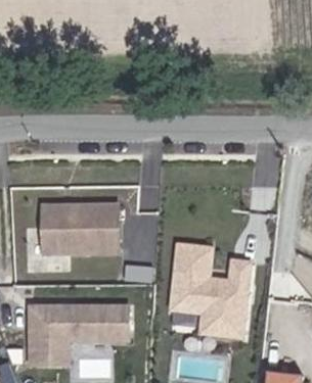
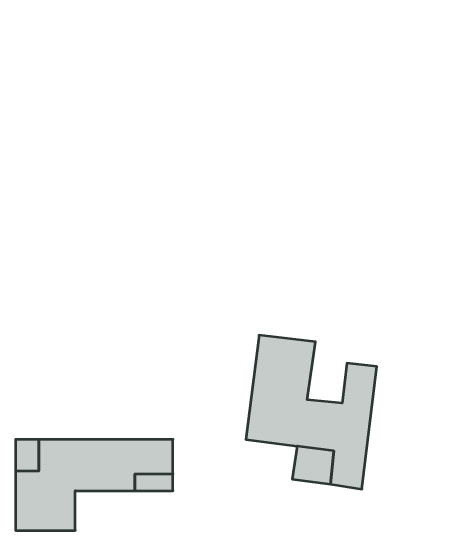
building: [42,205,117,252] -> none

